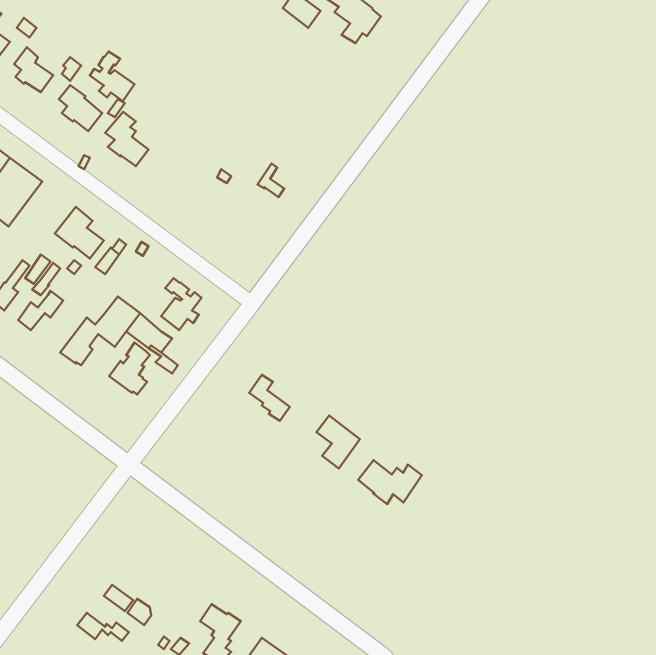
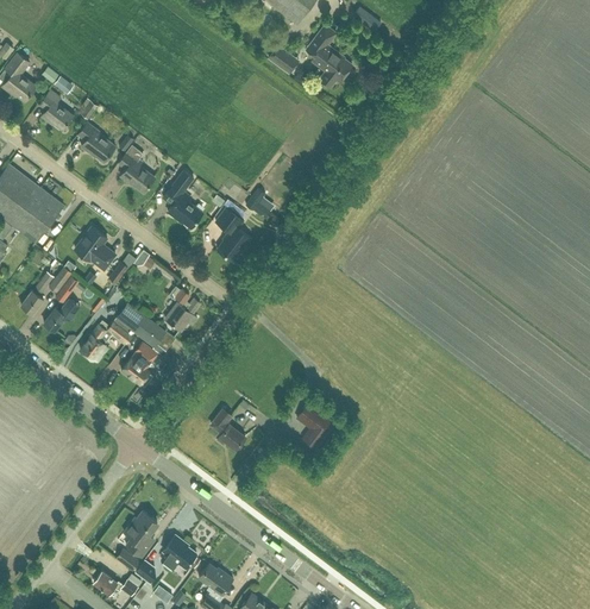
building: [90,51,135,101] -> none
building: none -> [162,170,201,227]
building: none -> [214,206,250,262]
building: [249,375,290,421] -> [209,409,244,448]
building: [358,460,422,504] -> none
building: none -> [123,510,156,557]
building: none -> [161,535,195,569]

